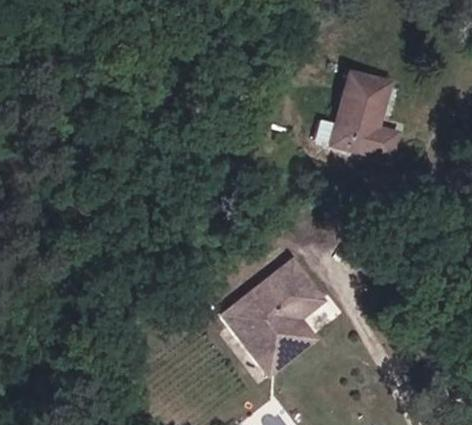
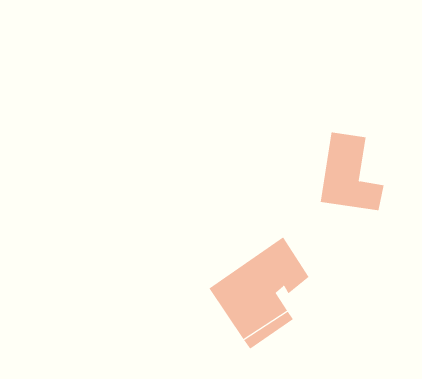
building: [333,68,400,152] -> [320,132,384,211]

